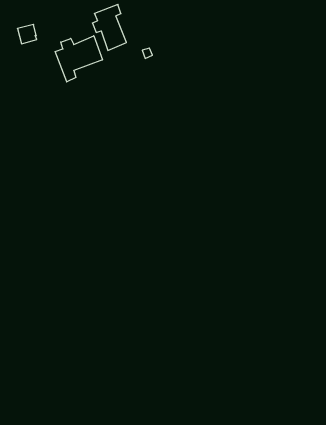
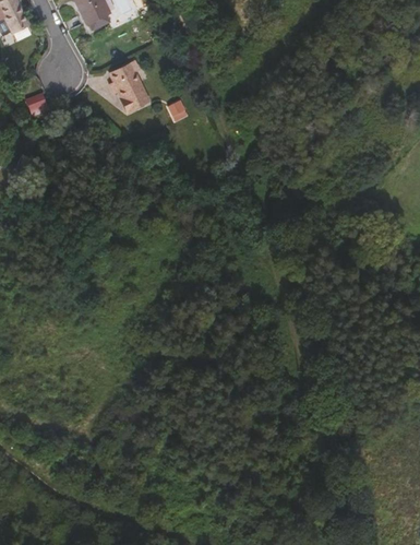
building: [55,36,102,82] -> none

